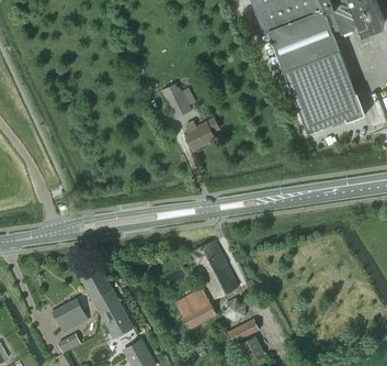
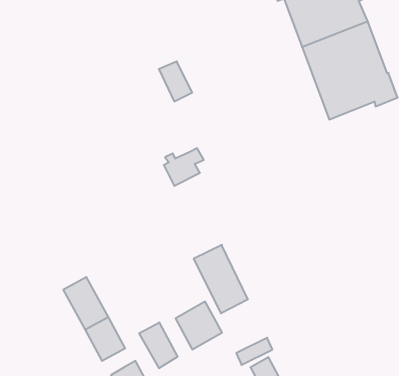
building: [185,118,219,149] -> [164,148,204,186]
building: [53,298,88,332] -> none
building: none -> [139,322,178,368]

